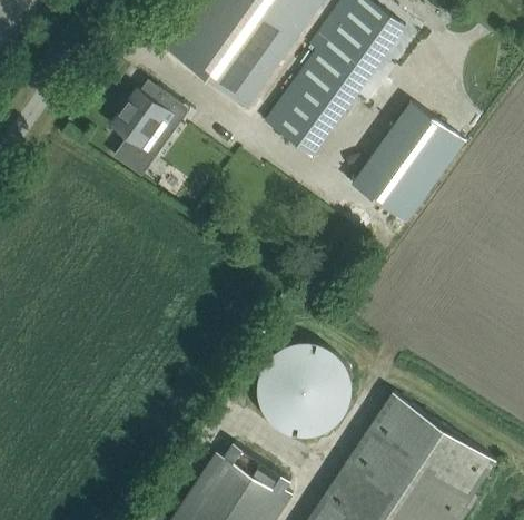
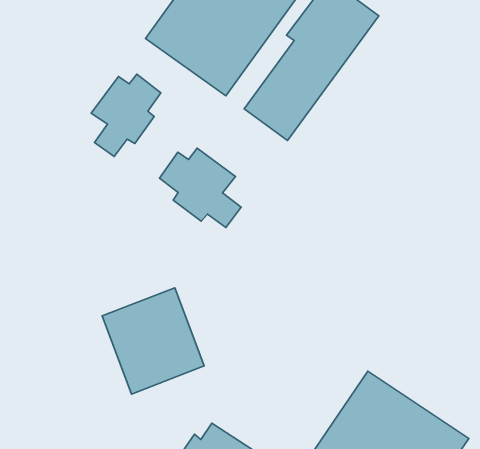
building: [352,102,466,224] -> none
building: none -> [159,148,241,228]
building: [250,335,355,444] -> [102,288,204,394]

